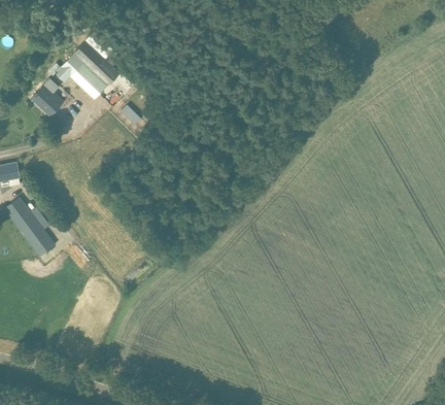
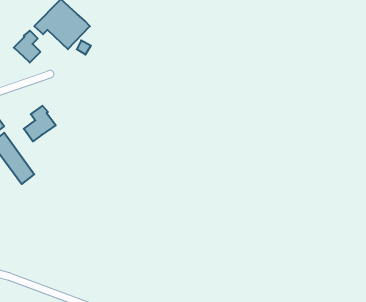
building: none -> [24,106,56,141]

